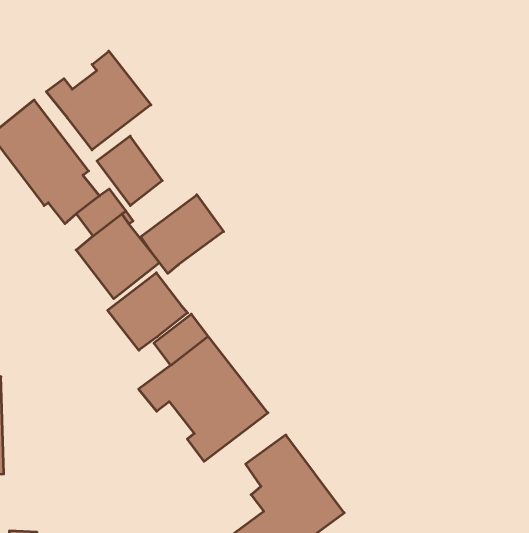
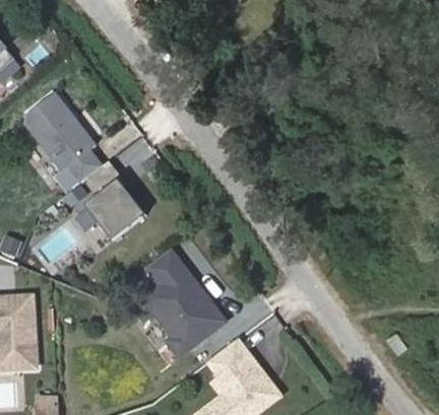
building: [46,51,151,150] -> none
building: [141,195,224,273] -> none
building: [108,273,188,350] -> none

